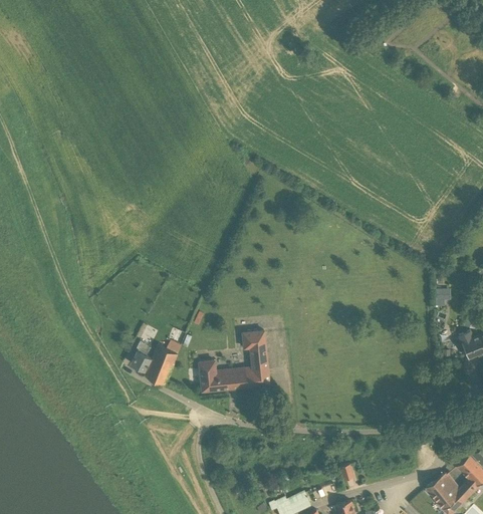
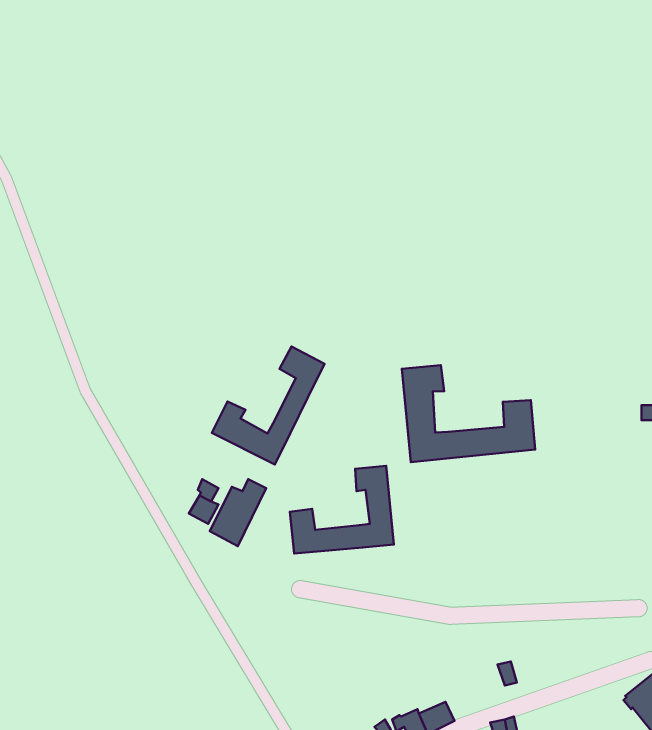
building: none -> [212,347,325,464]
building: none -> [402,365,535,462]

